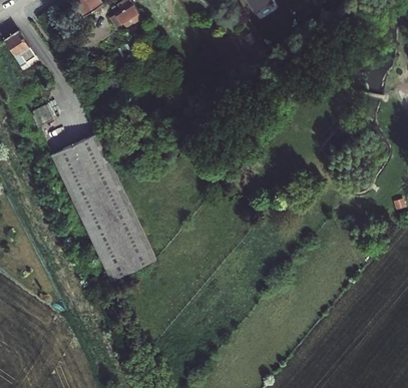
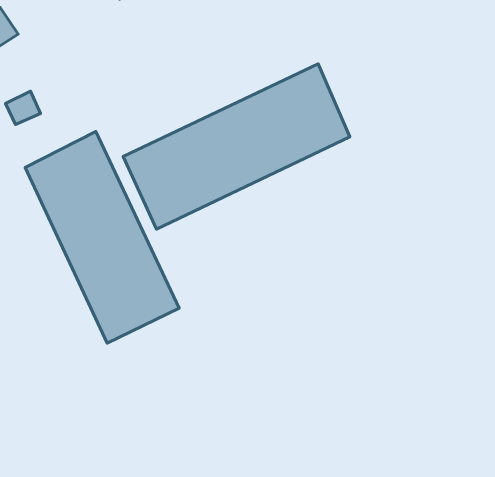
building: none -> [123,64,350,229]

